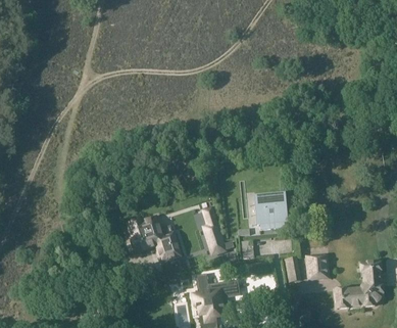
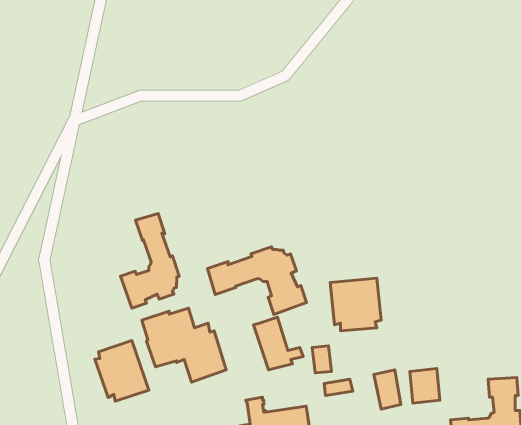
building: none -> [120,213,179,308]
building: none -> [207,247,307,314]
building: none -> [95,341,149,401]

